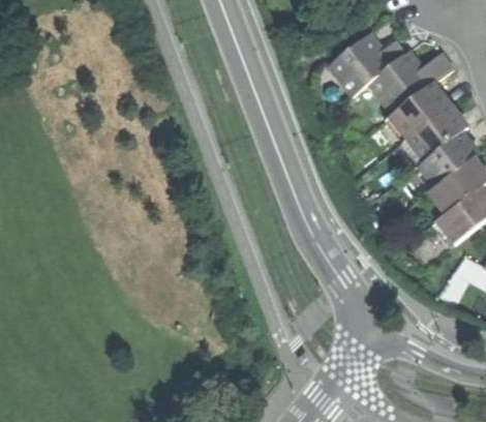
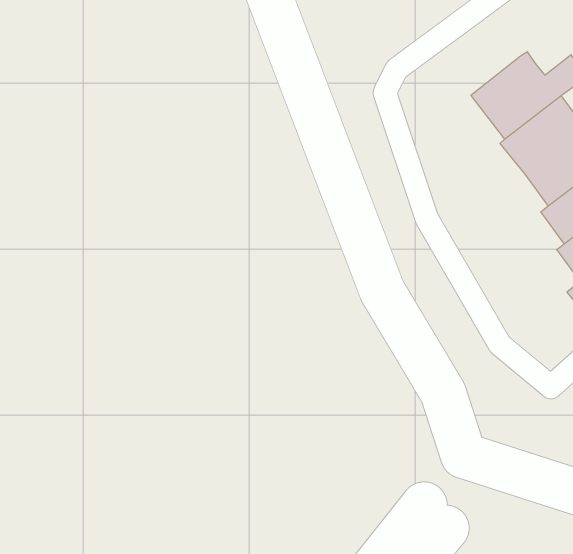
building: [328,33,403,94] -> none

